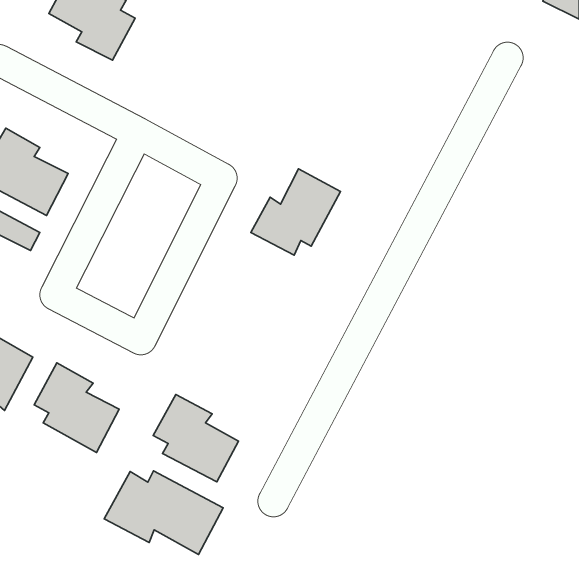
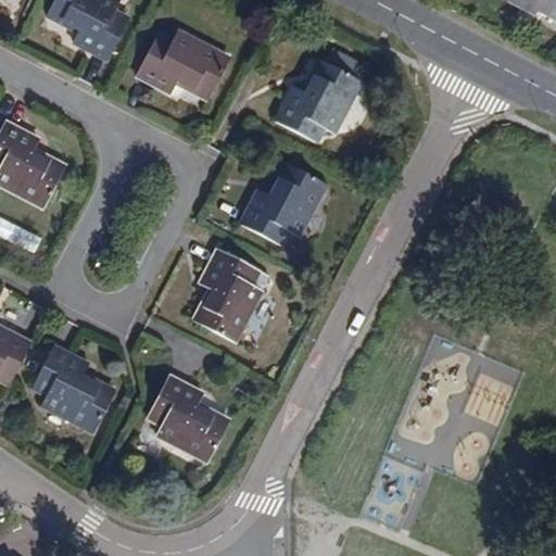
building: none -> [136,30,229,98]
building: none -> [276,60,362,141]
building: none -> [192,249,262,341]
building: [104,471,223,554] -> none

